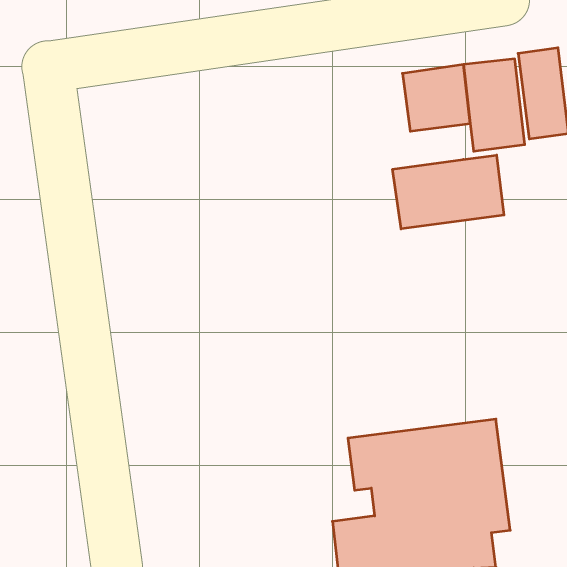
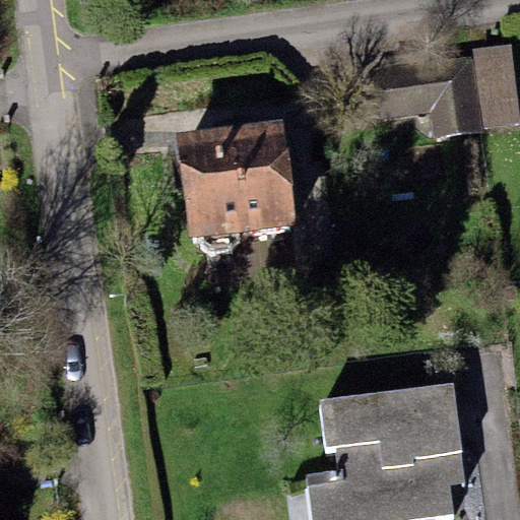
building: none -> [176,119,296,257]
building: [393,155,504,229] -> none

